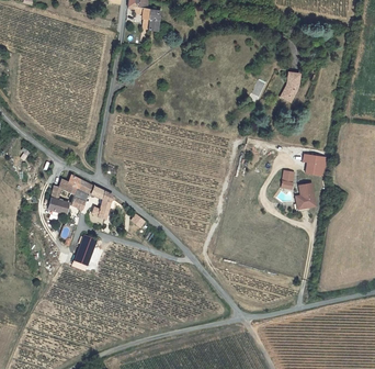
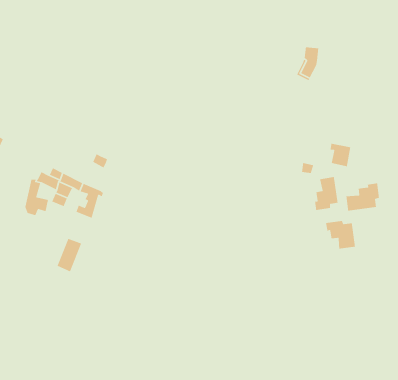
building: none -> [345,182,380,212]
building: none -> [325,220,356,249]

